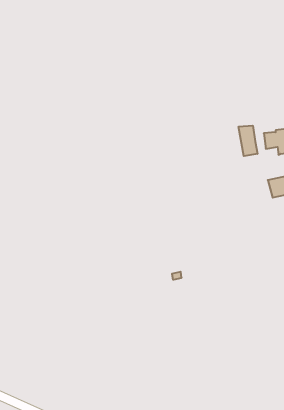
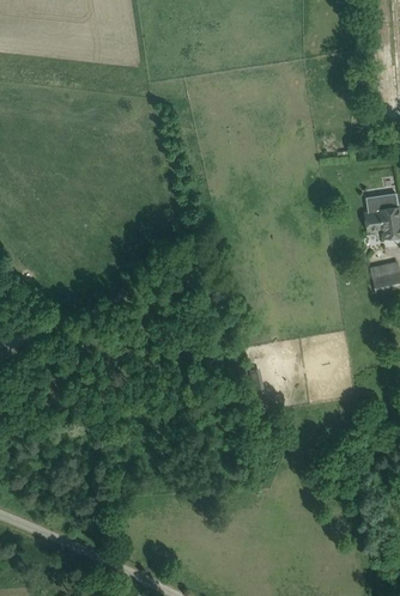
building: [239,126,257,156] -> none

